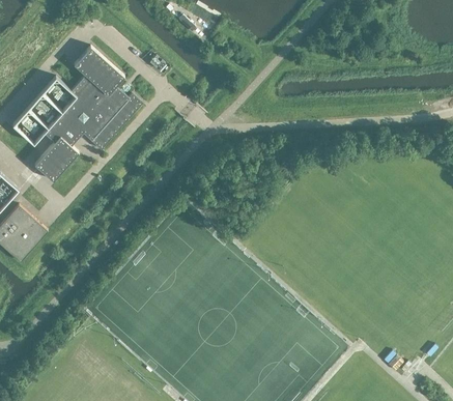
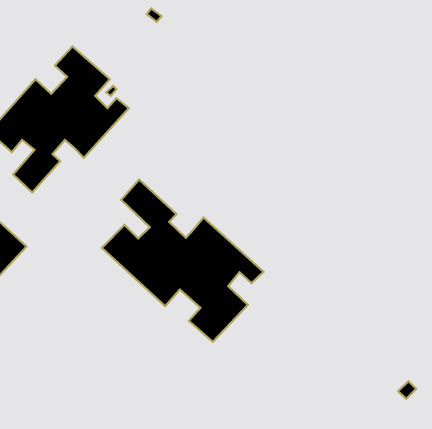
building: none -> [102,179,263,342]

